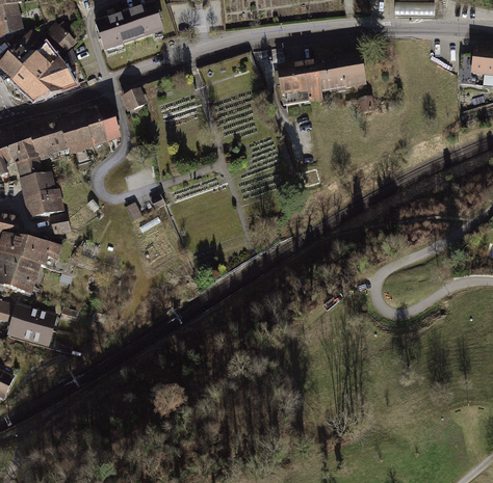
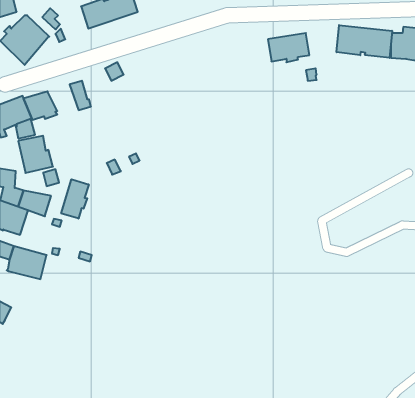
building: none -> [337,25,392,58]
building: [29,58,73,98] -> none
building: [278,61,321,104] -> none
building: [97,106,120,140] -> none
building: [56,114,94,154] -> none
building: none -> [61,179,89,219]

